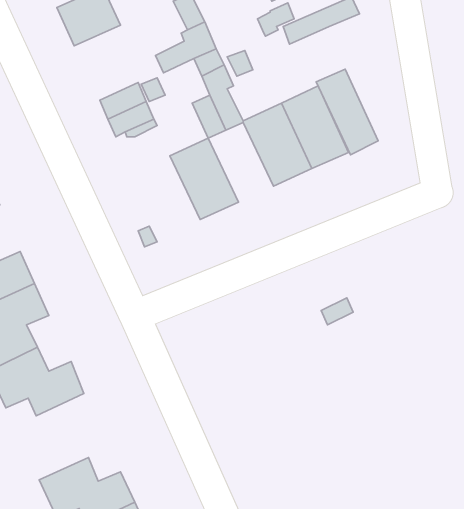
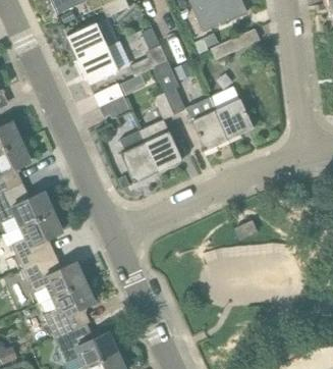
building: none -> [77,47,118,85]
building: [316,69,378,155] -> none
building: none -> [118,130,158,182]
building: none -> [43,282,94,337]

